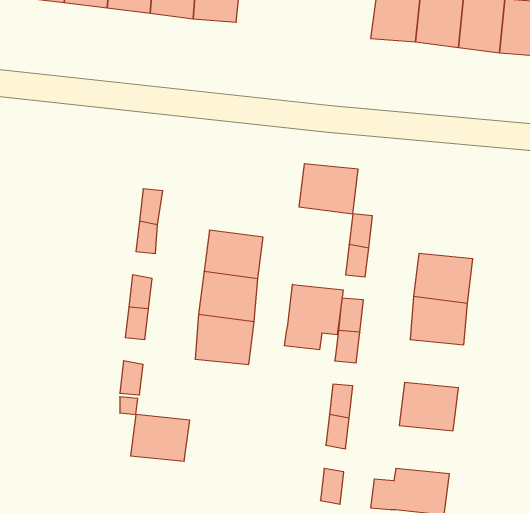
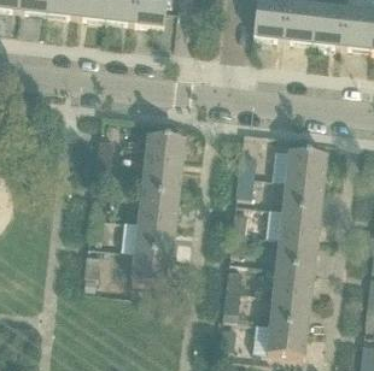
building: [299,164,358,214] -> [144,134,183,167]
building: none -> [285,149,325,182]
building: [284,284,343,350] -> none
building: none -> [275,236,315,269]
building: [131,415,190,461] -> [130,249,170,281]
building: none -> [269,294,308,326]

